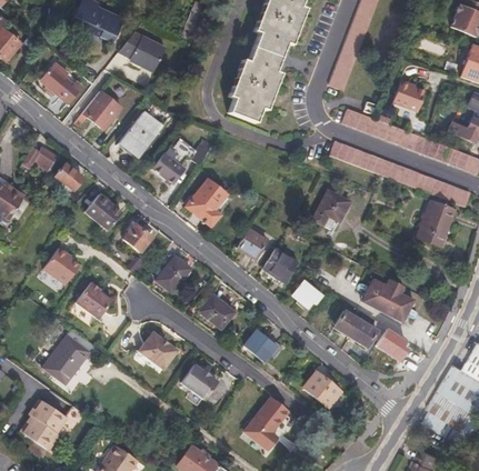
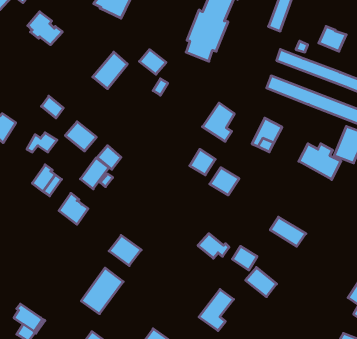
building: [84,90,123,129] -> none
building: [21,148,58,171] -> [27,133,57,152]
building: [152,153,184,183] -> [139,50,166,74]
building: [184,176,223,222] -> [202,103,234,141]
building: [156,254,190,292] -> [80,158,109,189]
building: [362,279,413,322] -> [299,144,341,180]
building: [290,280,320,309] -> [232,246,257,270]
building: [200,294,233,327] -> none
building: [377,327,411,359] -> none
building: [42,328,93,383] -> [81,268,123,314]
building: [181,363,217,399] -> none
building: [28,400,66,432] -> none

